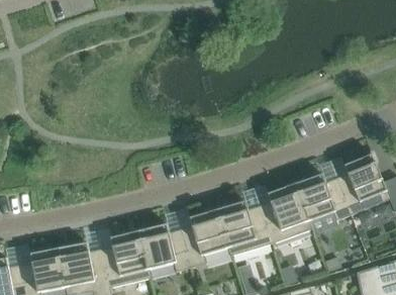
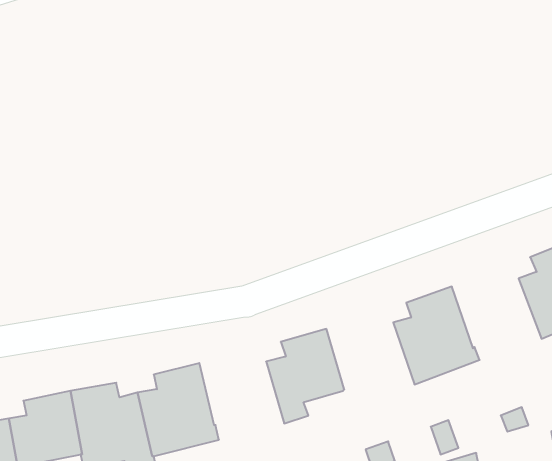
building: [295,174,351,221] -> none
building: [217,200,272,256] -> none
building: [138,223,191,272] -> none

